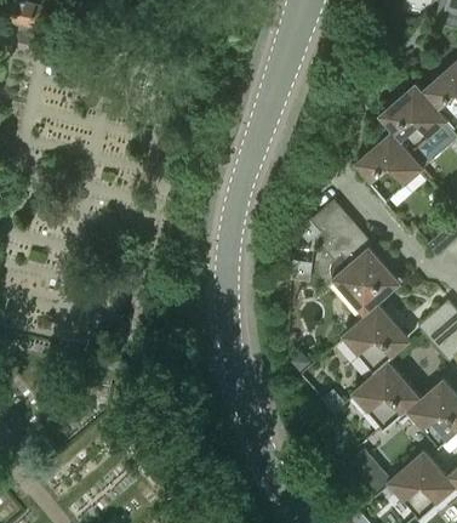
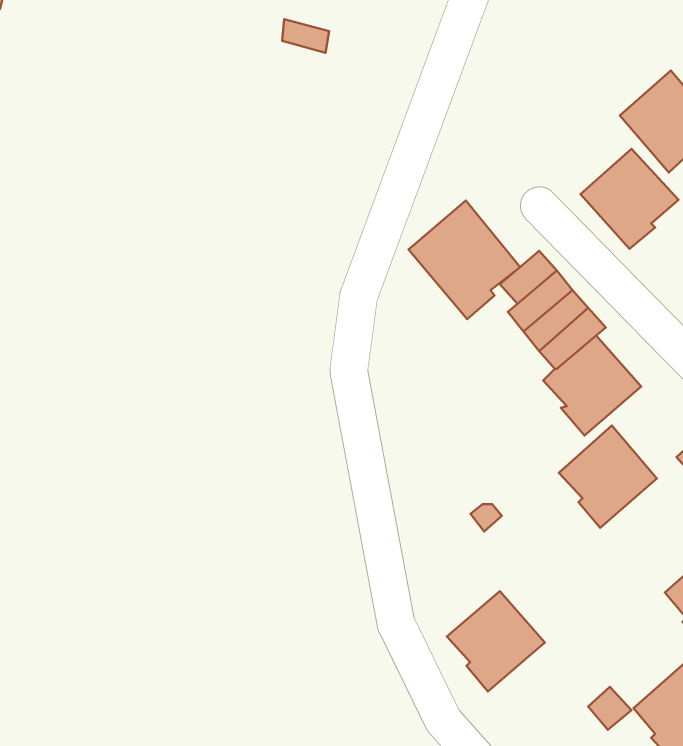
building: none -> [409,201,520,319]
building: [356,364,417,426] -> [447,591,545,691]

